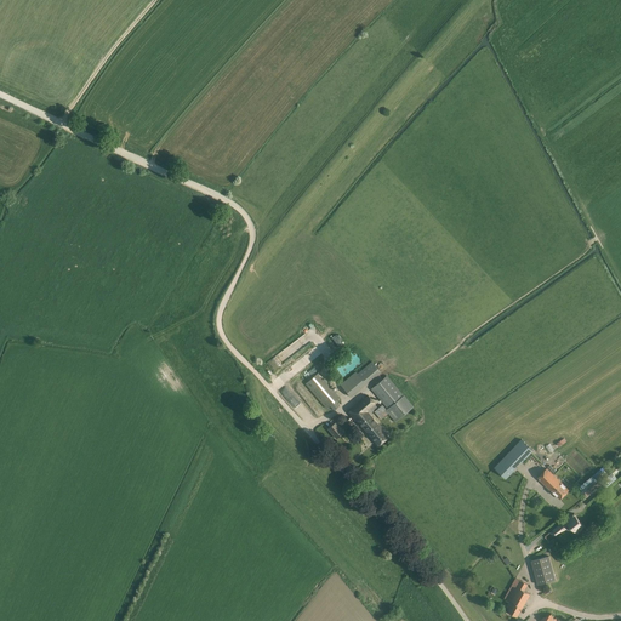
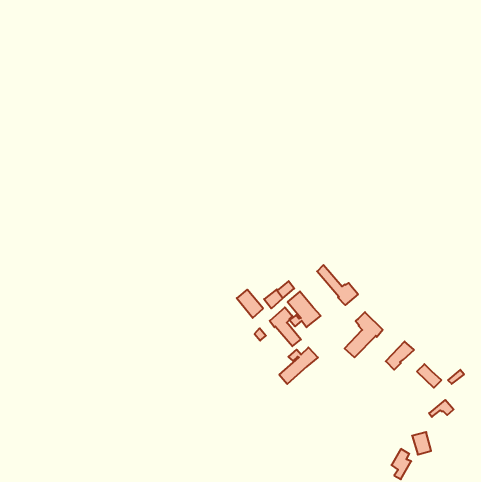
building: none -> [317,265,358,305]
building: none -> [345,312,383,357]
building: none -> [279,347,318,384]

